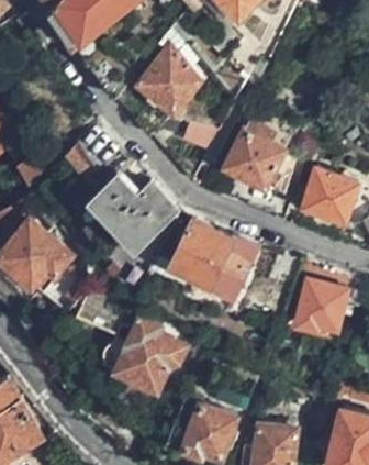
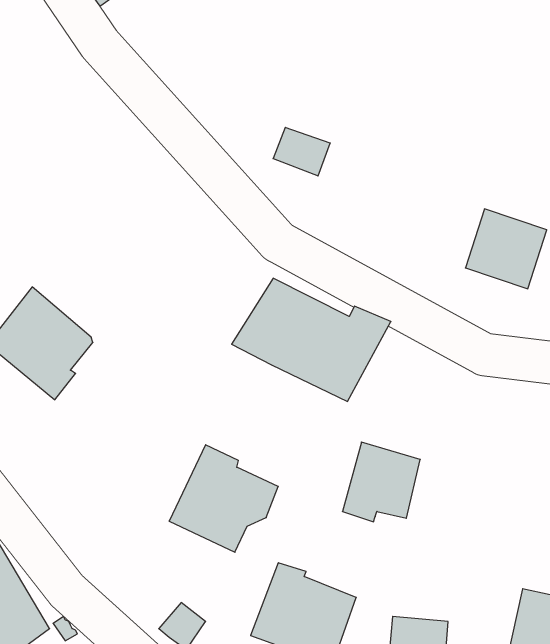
building: [138,48,199,112] -> none
building: [226,131,289,193] -> none
building: [93,177,175,247] -> none
building: [294,284,344,334] -> [342,442,420,522]

